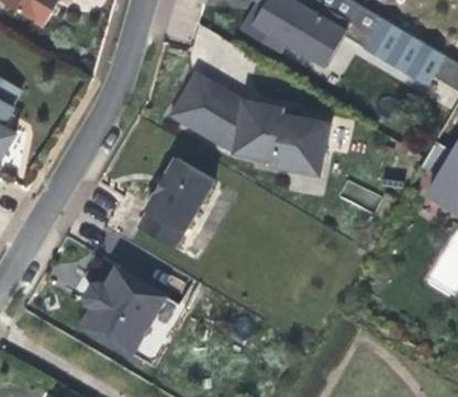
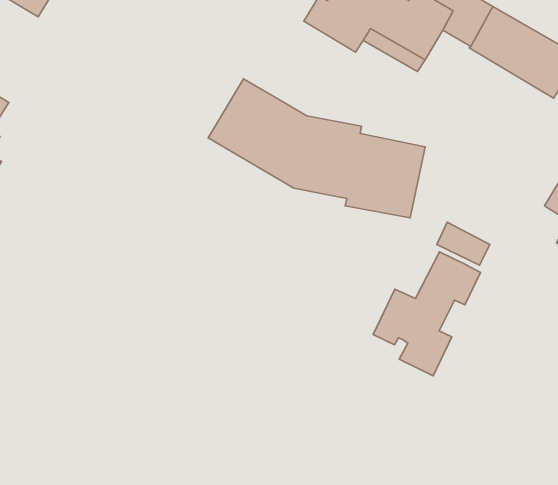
building: [137,158,214,249] -> none
building: none -> [373,252,480,376]
building: [82,269,164,354] -> none

